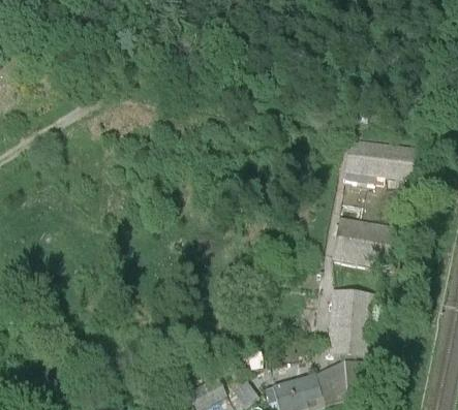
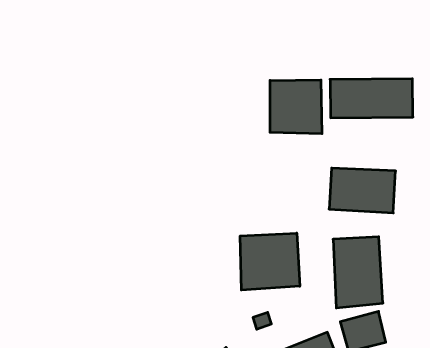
building: none -> [270,80,322,134]
building: none -> [240,233,300,290]

